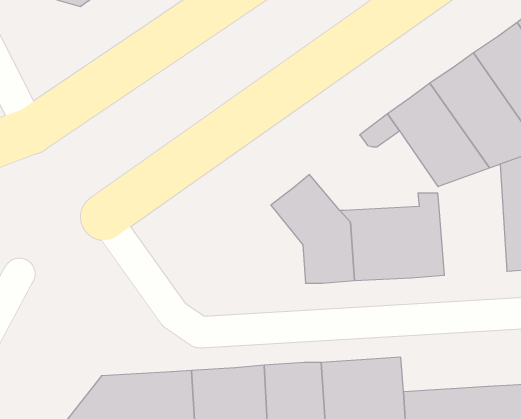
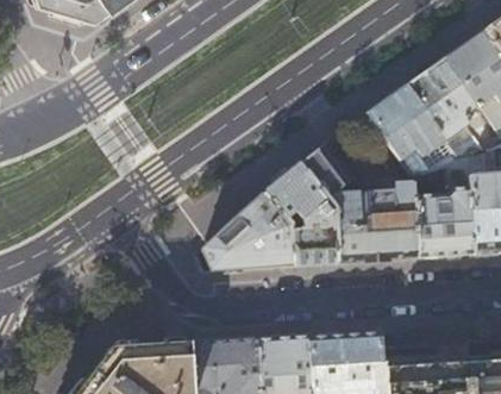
building: none -> [298,144,353,199]
building: none -> [414,157,475,257]
building: none -> [203,194,294,270]

